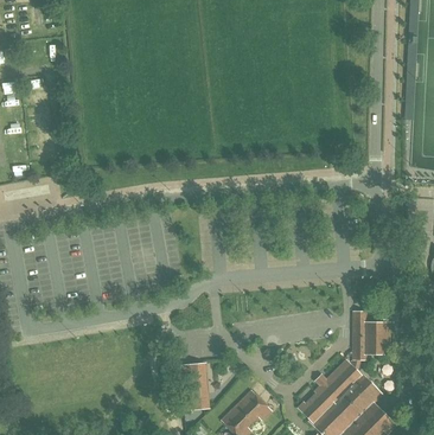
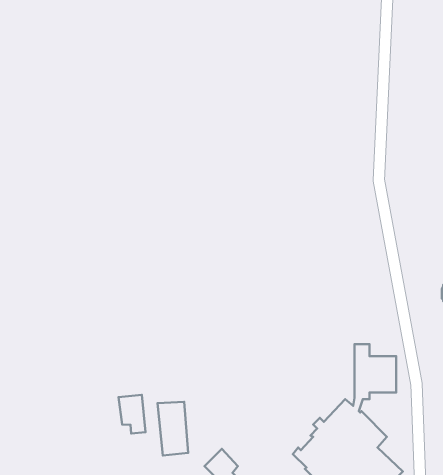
building: none -> [119,395,146,434]
building: [236,389,270,418] -> none

